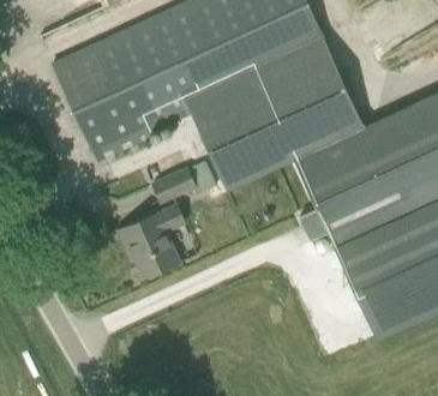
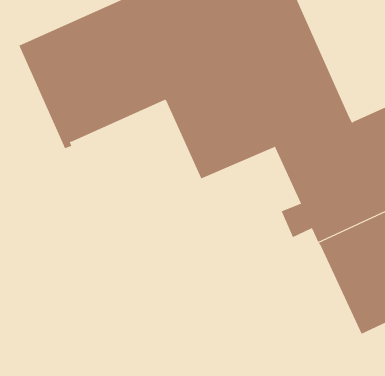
building: [152,167,196,202] -> none
building: [118,203,185,277] -> none

